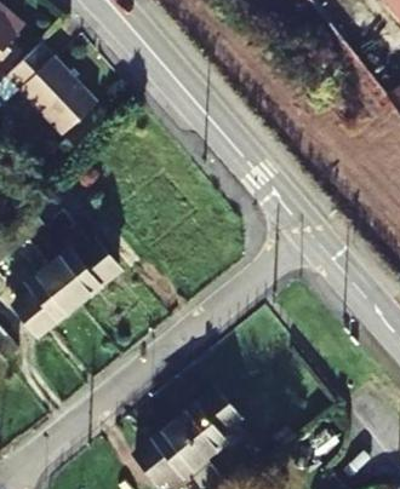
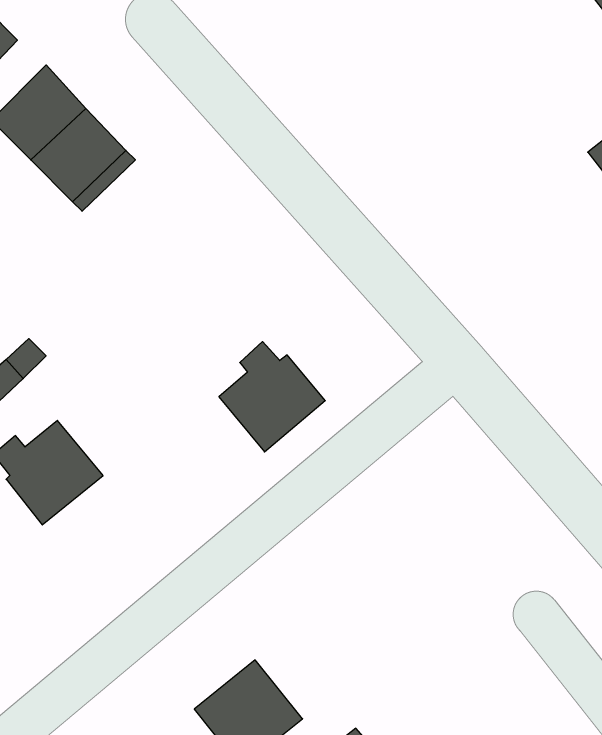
building: [50,234,118,304] -> [219,342,325,452]
building: [176,387,246,459] -> none

